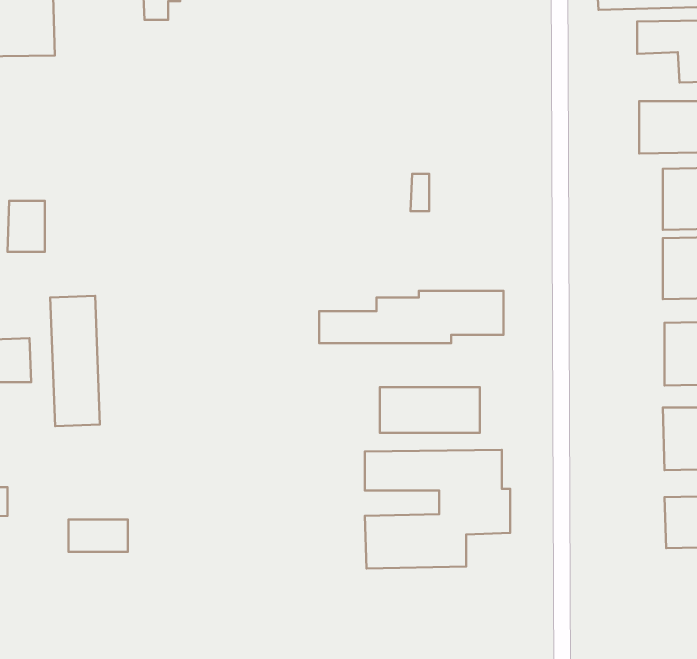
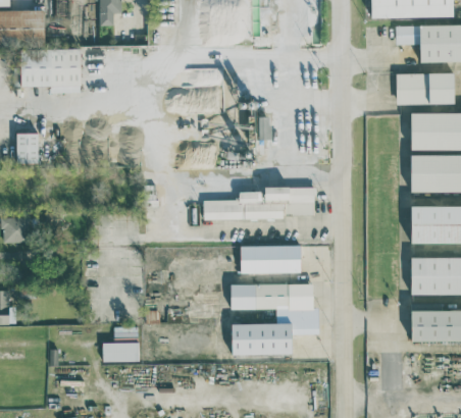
building: none -> [20,49,81,93]
building: [50,296,100,426] -> none
building: [69,520,128,552] -> [103,342,139,361]

